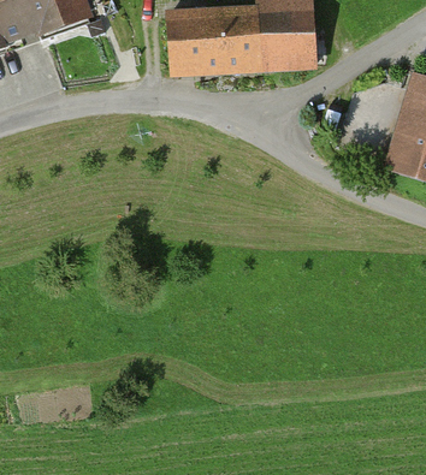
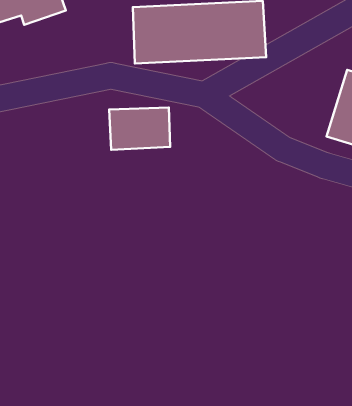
building: none -> [109,108,170,150]

